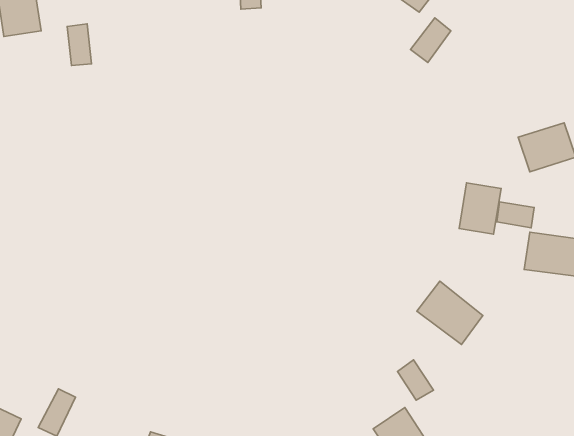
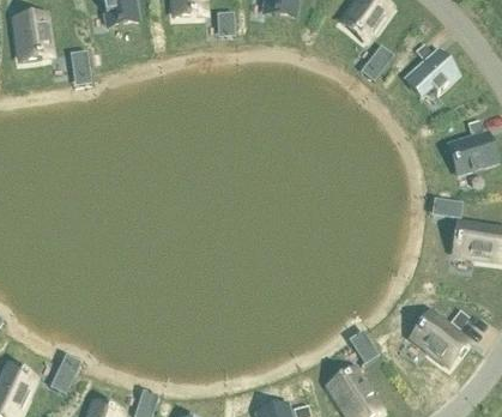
building: none -> [405,49,455,91]
building: [459,183,501,234] -> none
building: [417,281,483,344] -> [410,310,465,363]

